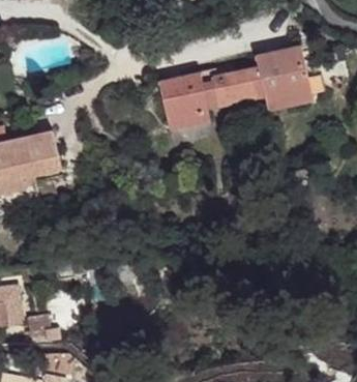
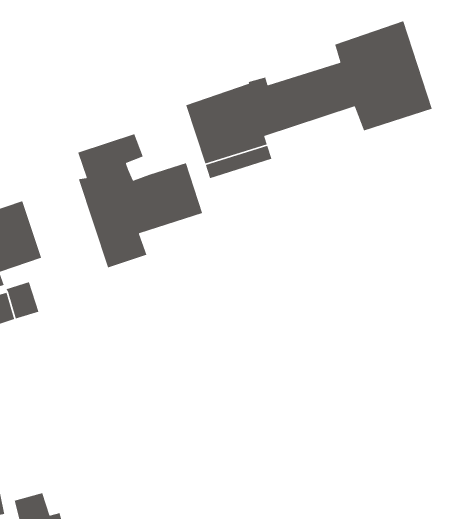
building: none -> [77,133,203,269]

